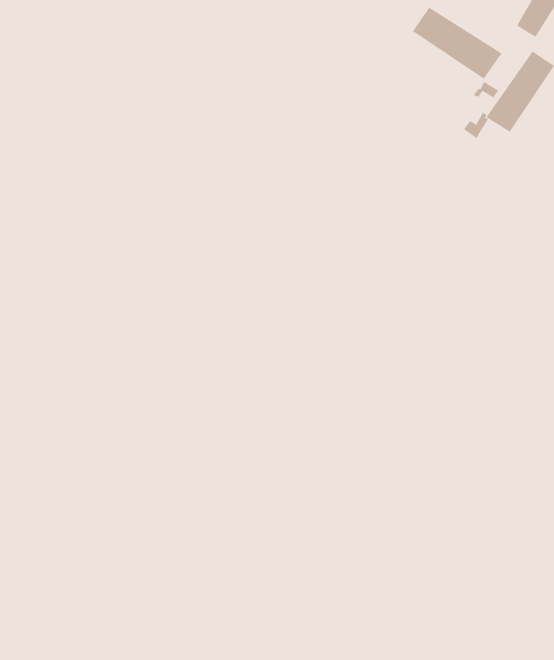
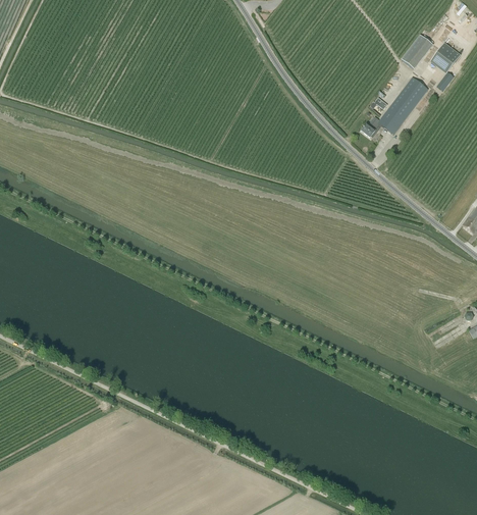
building: [412,7,502,79] -> none

